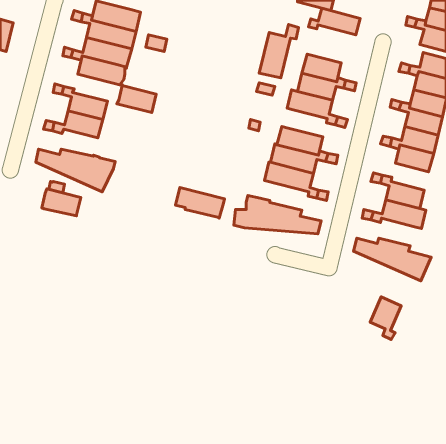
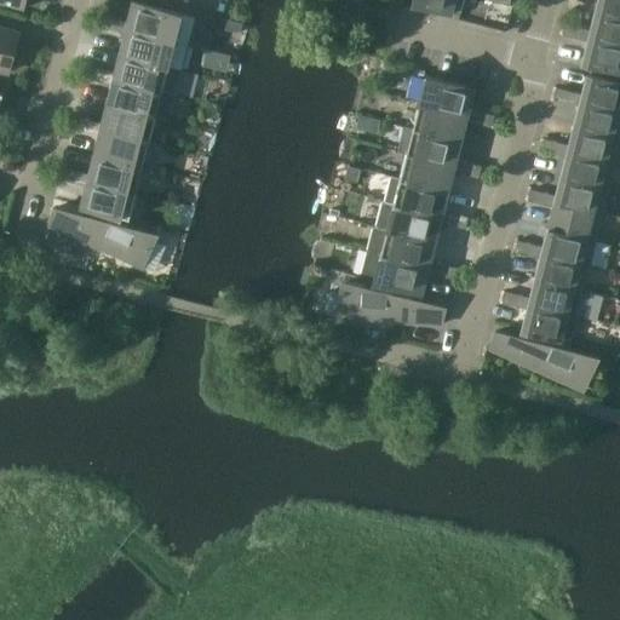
building: [308,8,360,35] -> none
building: [259,24,299,78] -> none
building: [117,85,156,113] -> [101,105,155,143]
building: none -> [400,155,454,193]
building: none -> [542,229,595,266]
building: [176,188,224,218] -> [361,253,429,295]
building: [42,189,81,216] -> [81,182,136,219]
building: none -> [522,305,575,344]
building: [370,297,401,340] -> none

